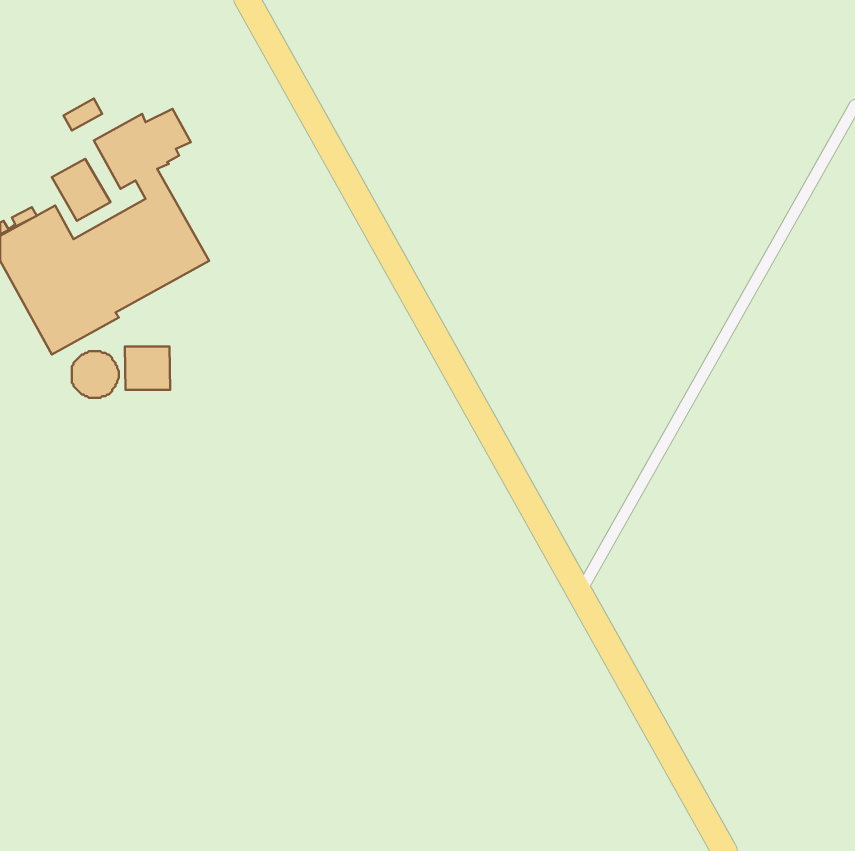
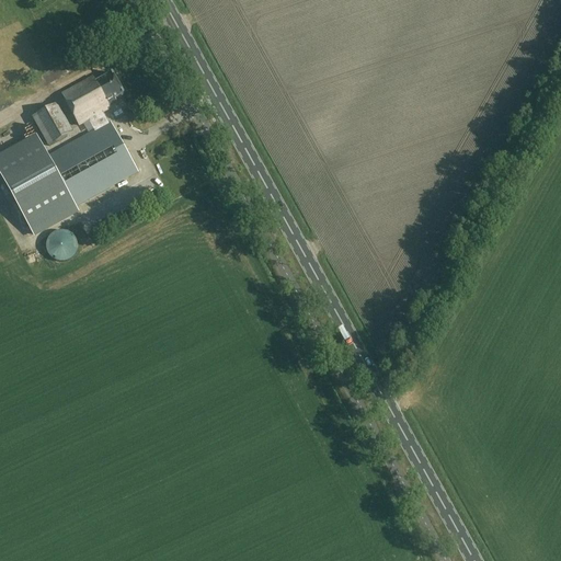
building: [125,346,170,390] -> none

